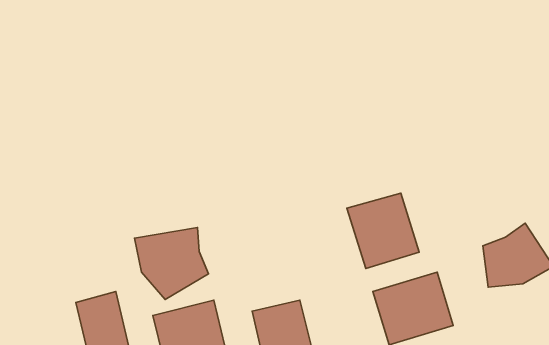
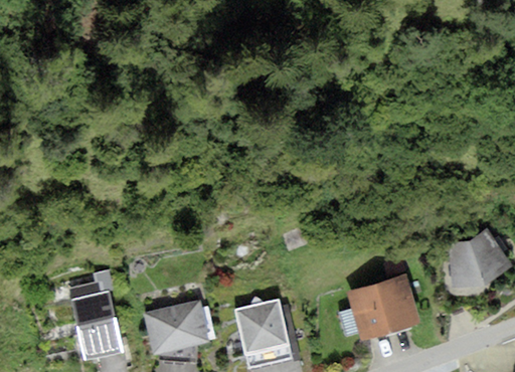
building: [347,193,419,269] -> none
building: [134,228,208,299] -> none

